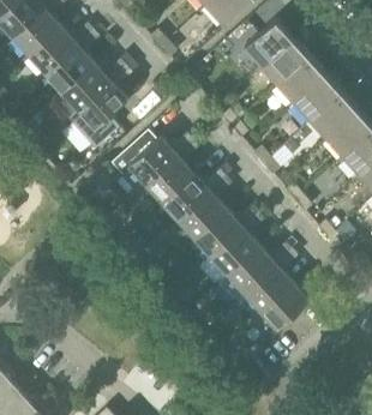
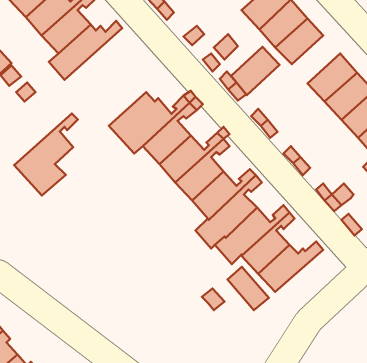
building: [67,67,131,149] -> [14,113,78,195]
building: [294,74,342,122] -> [231,47,279,95]
building: none -> [228,267,269,310]

